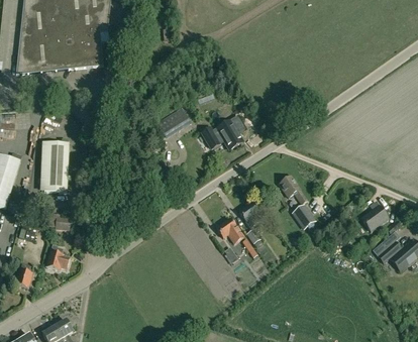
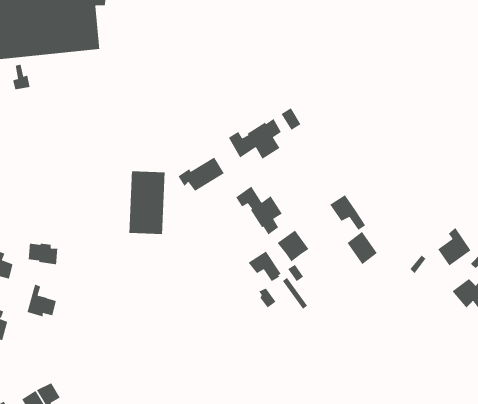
building: [152,107,189,134] -> [178,156,225,192]
building: [40,141,69,191] -> [129,170,165,235]
building: none -> [235,185,283,236]

